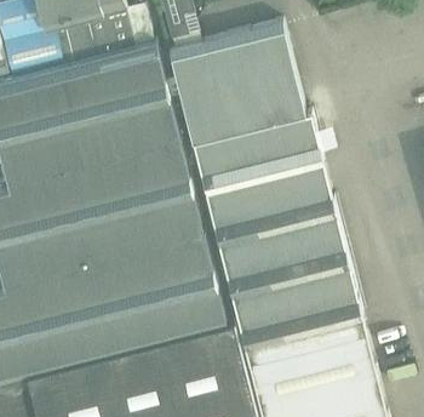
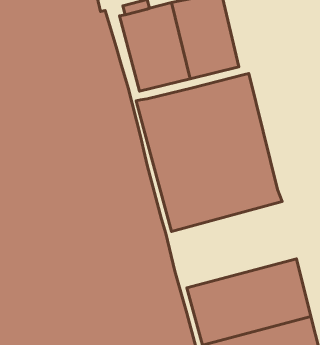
building: [224,252,361,347] -> none

